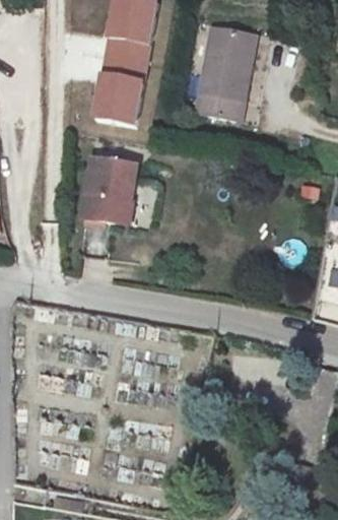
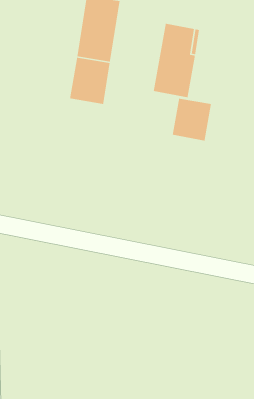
building: none -> [172,98,212,142]
building: [89,157,142,222] -> none

